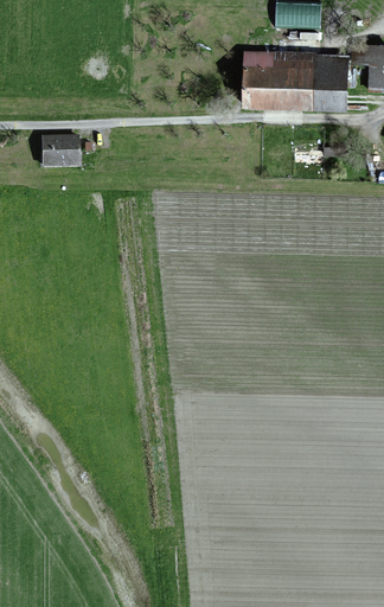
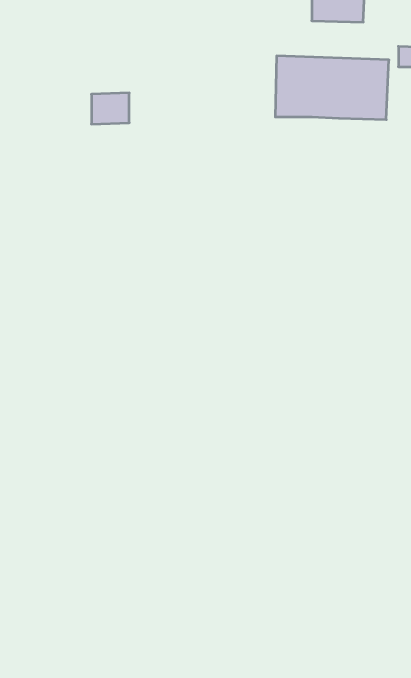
building: [43,135,76,162] -> [91,93,129,124]

